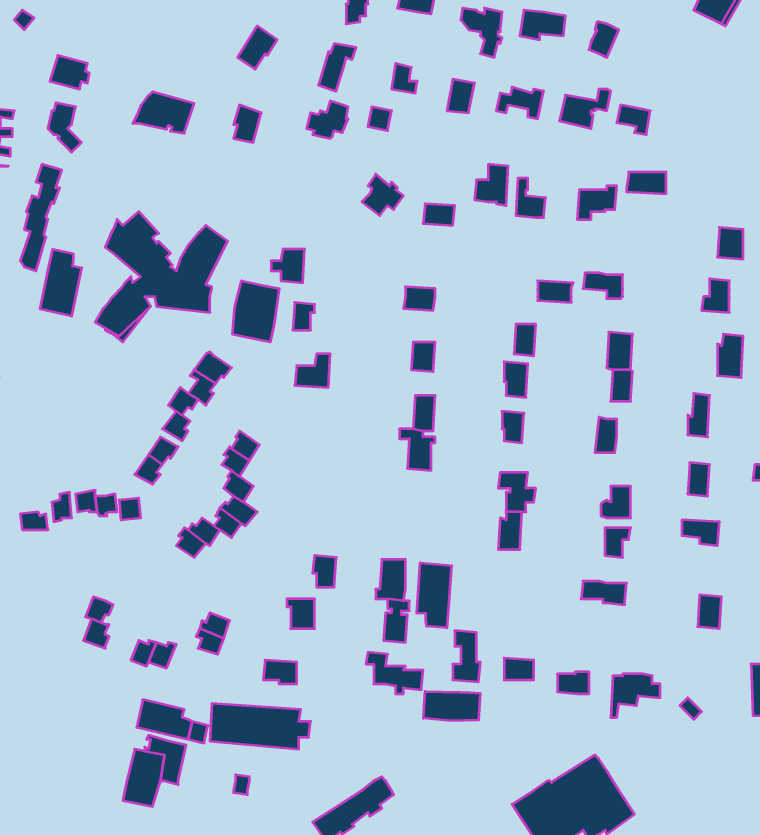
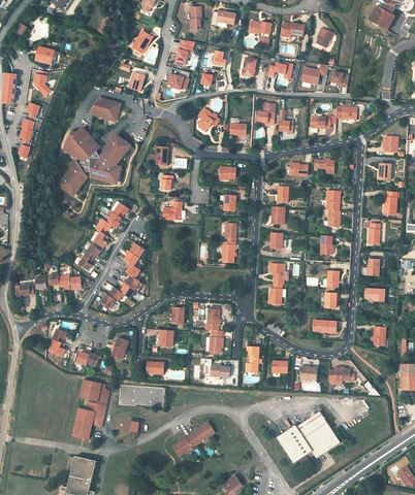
building: [133,92,194,133] -> [88,98,120,120]
building: [40,249,82,316] -> none
building: [233,281,279,342] -> none
building: [417,563,452,628] -> none
building: [423,691,480,721] -> none

